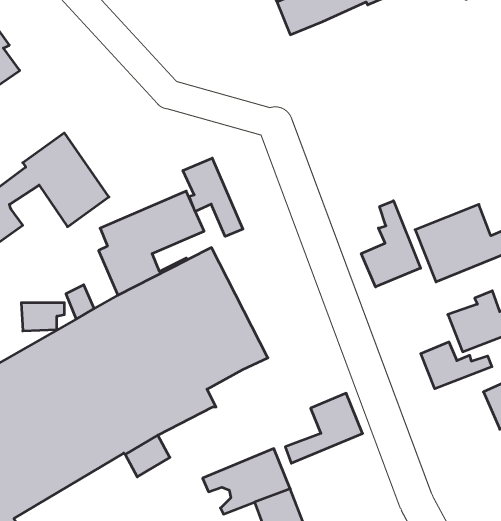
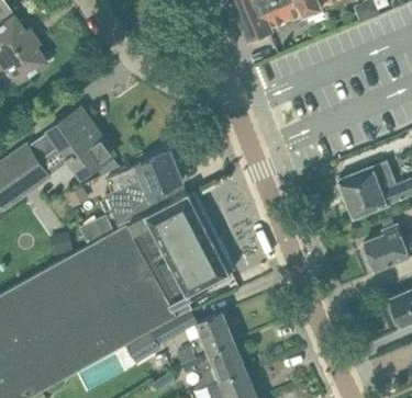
building: [183,158,243,236] -> none
building: [361,201,421,287] -> none
building: [421,342,492,389] -> none
building: [285,393,363,463] -> [177,311,234,363]

